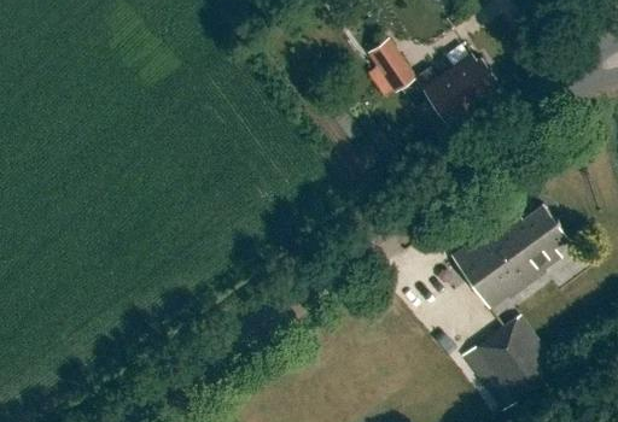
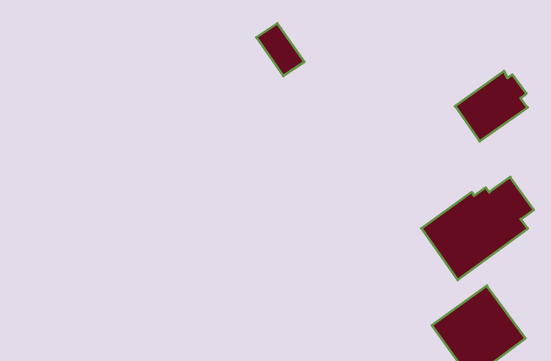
building: [367,39,416,93] -> [256,23,304,76]
building: [421,54,496,127] -> [455,71,528,141]

